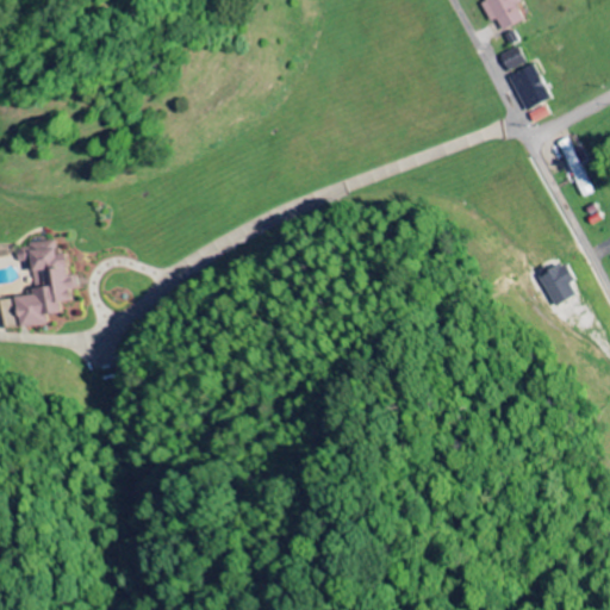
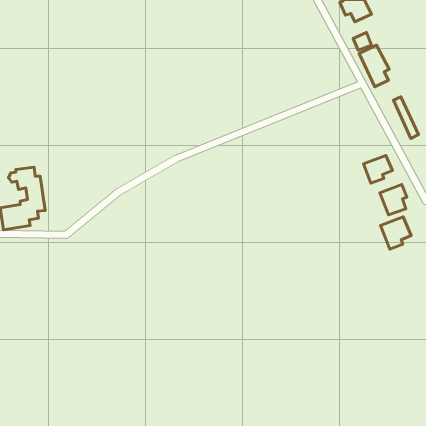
building: none -> [363,155,392,183]
building: none -> [381,217,411,249]

